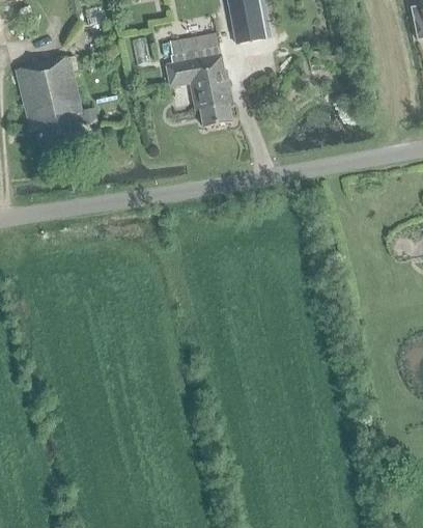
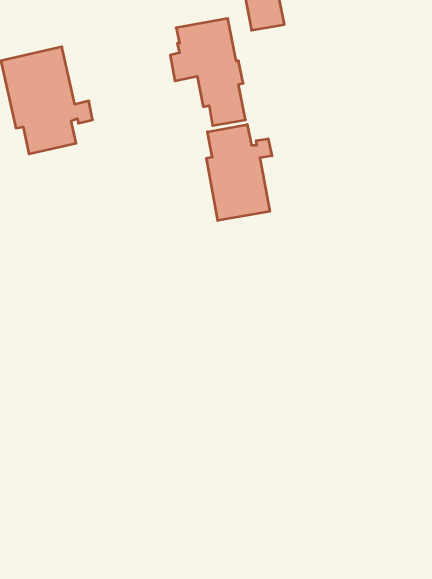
building: none -> [206,124,272,221]

